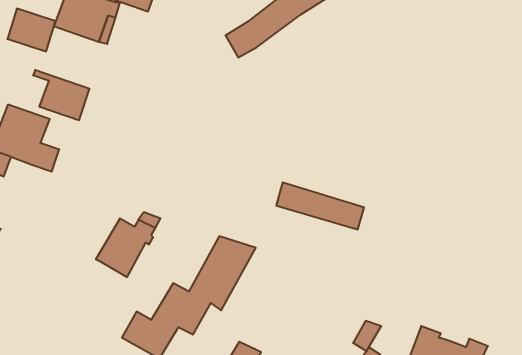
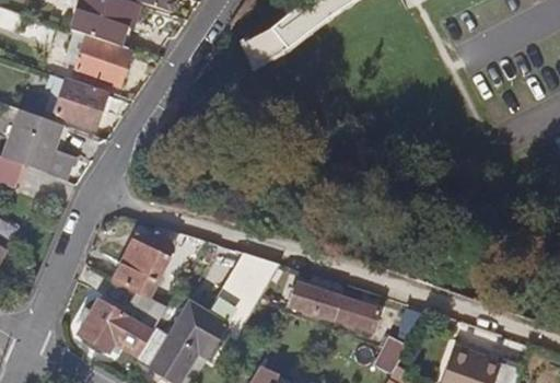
building: [7,9,56,51] -> [74,39,125,84]
building: [276,182,364,229] -> [288,279,380,328]
building: none -> [82,276,167,349]

